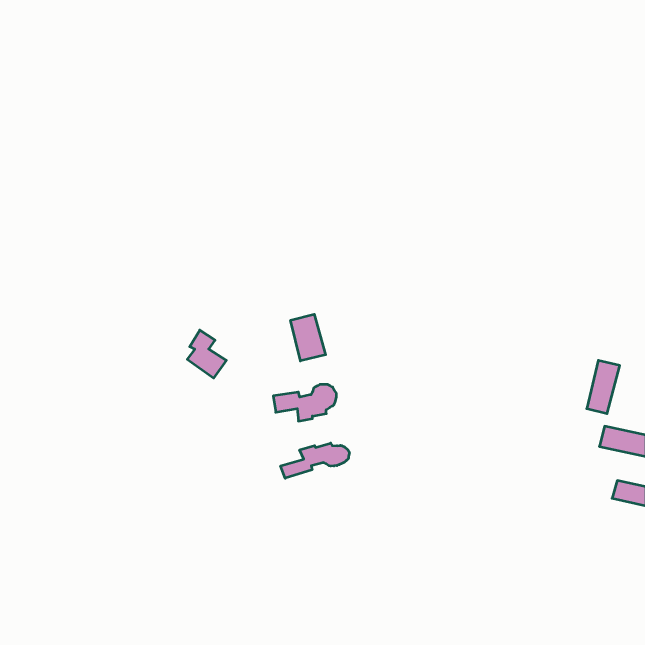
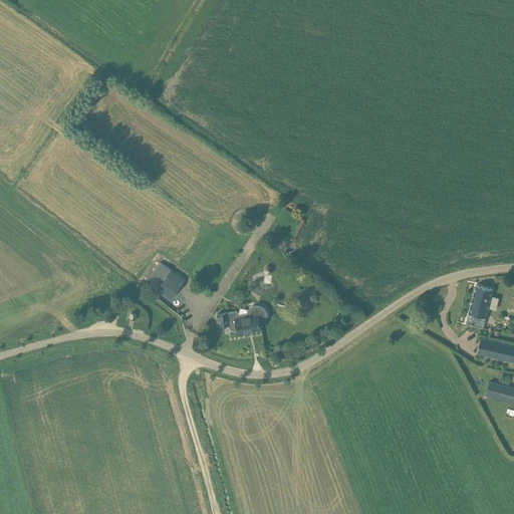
building: [291,314,326,361] -> none
building: [281,443,349,478] -> none

